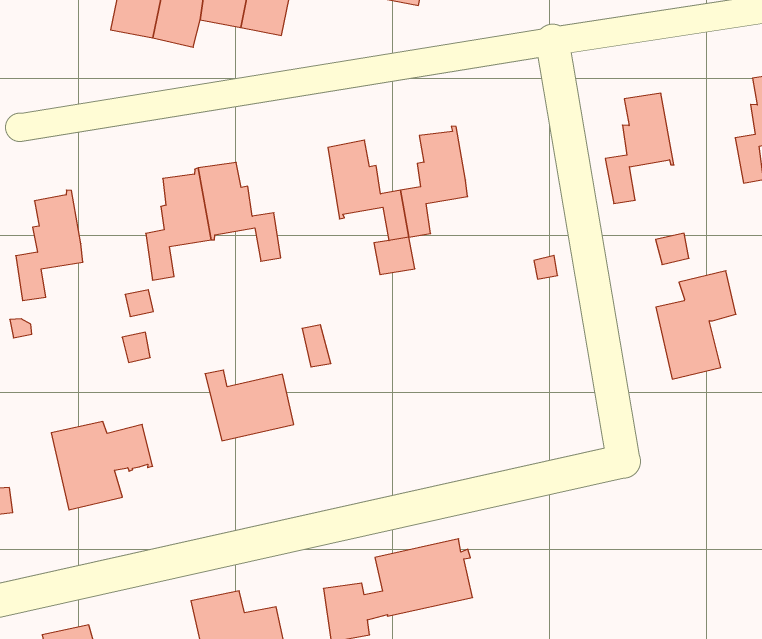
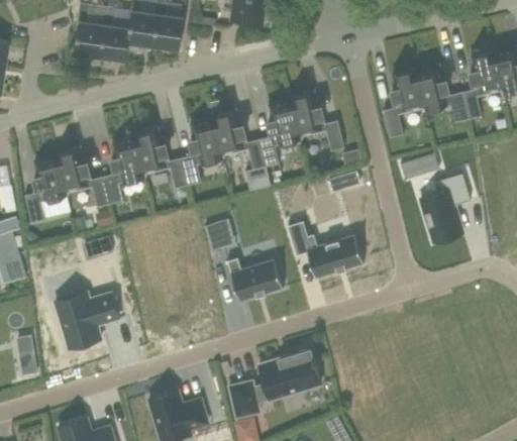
building: none -> [415,66,470,123]
building: none -> [291,92,344,151]
building: none -> [183,116,223,186]
building: none -> [58,147,111,208]
building: none -> [288,222,365,279]
building: [205,370,294,441] -> [227,258,284,302]

